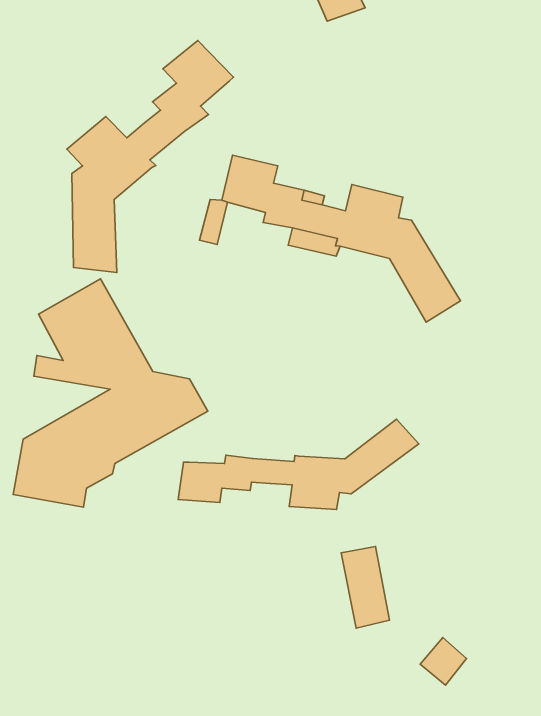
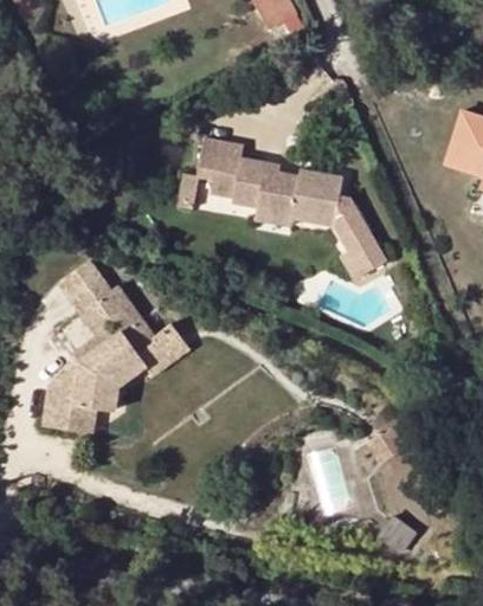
building: [67,40,233,273] -> none
building: [178,419,419,509] -> none

